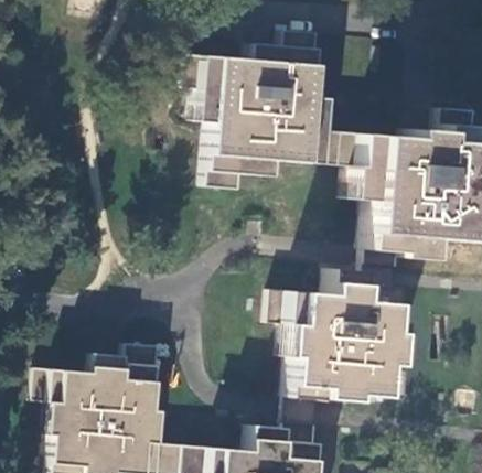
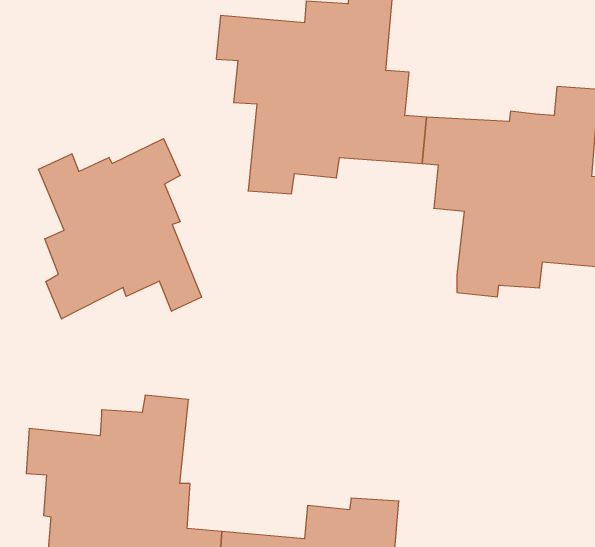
building: none -> [39,139,202,319]
building: [274,265,415,423] -> none

